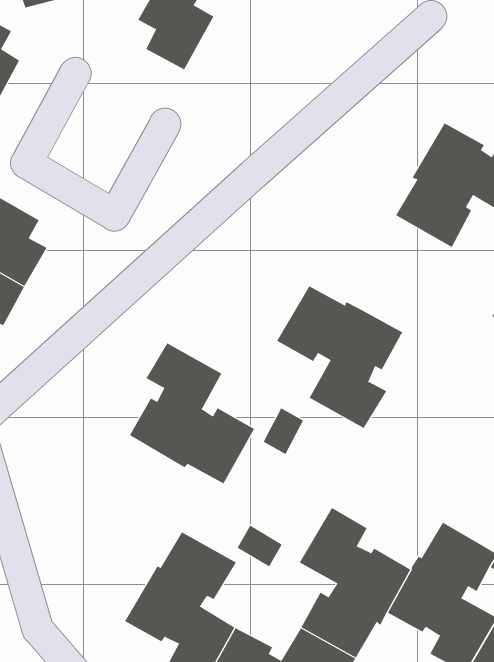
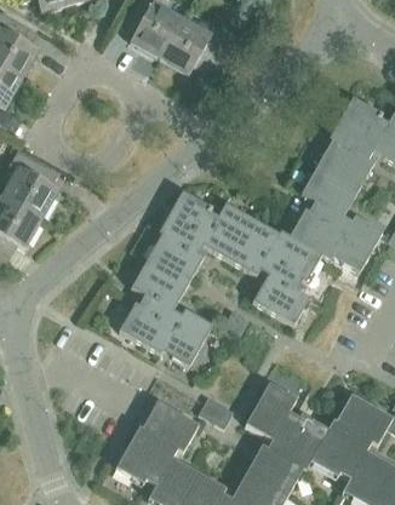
building: none -> [160,18,229,75]
building: none -> [290,166,383,272]
building: none -> [147,190,252,283]

